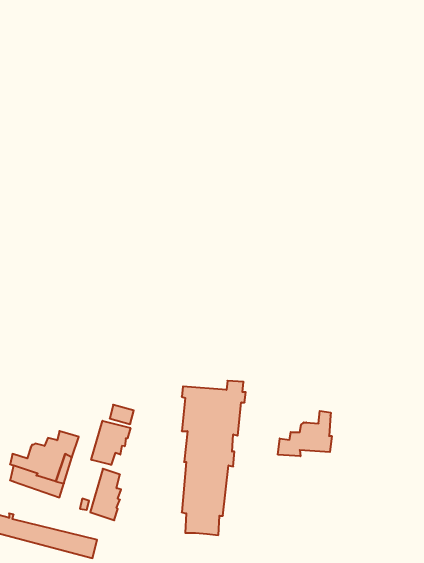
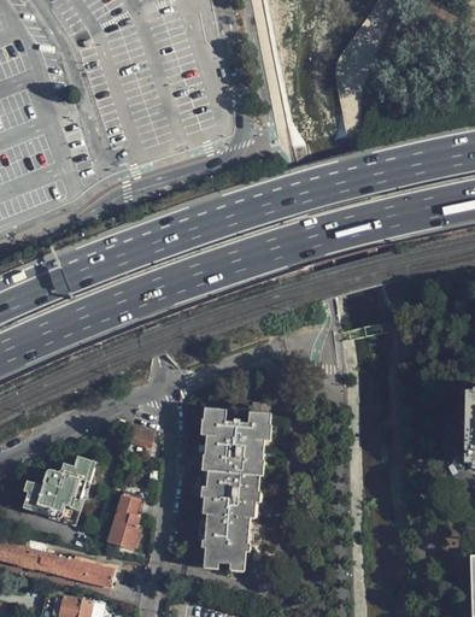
building: [278,411,332,456] -> none
building: [91,421,130,465] -> none

